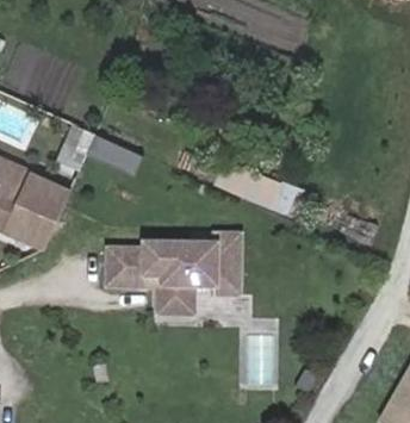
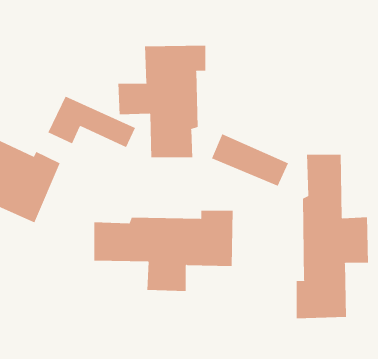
building: none -> [118,45,206,158]
building: none -> [296,154,368,319]

